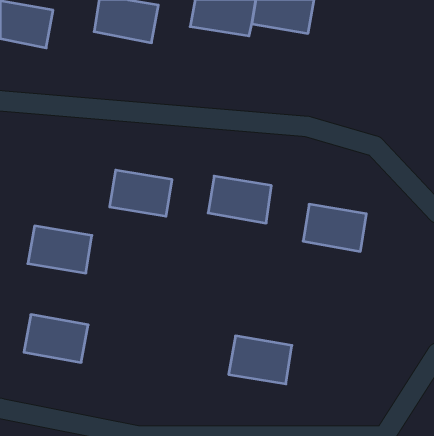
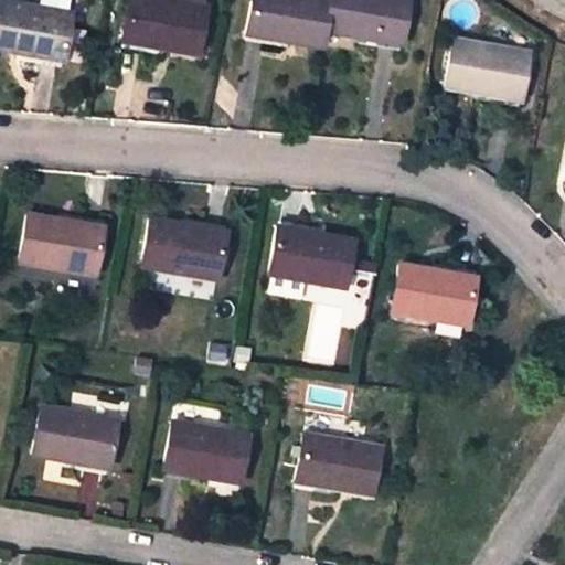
building: none -> [448,39,531,99]
building: [28,226,92,273] -> [22,214,105,275]
building: none -> [167,422,249,483]

